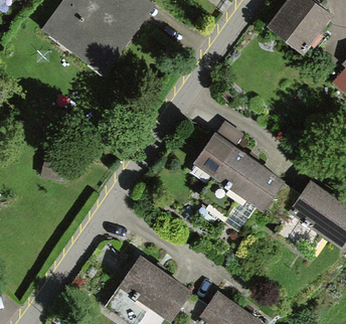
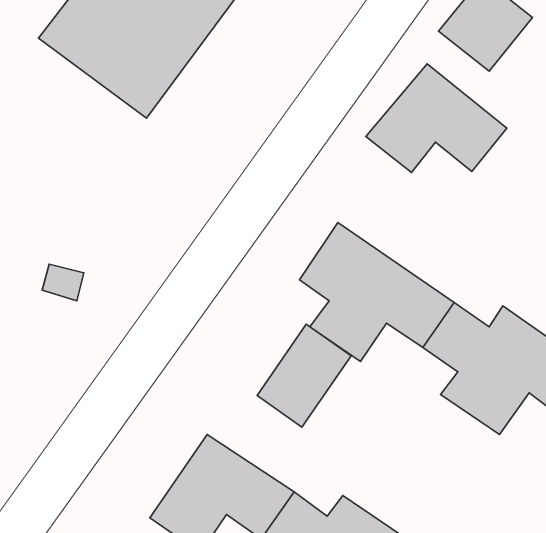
building: none -> [366,64,507,172]
building: none -> [257,324,351,427]

